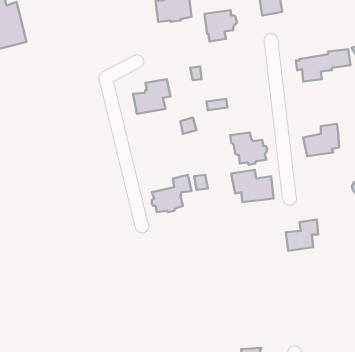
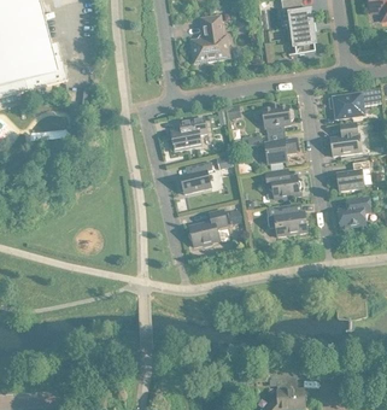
building: [205,10,237,41] -> [263,104,294,134]
building: none -> [330,122,362,156]
building: none -> [265,137,297,163]
building: none -> [181,160,212,193]
building: [286,220,318,251] -> [339,197,370,227]

